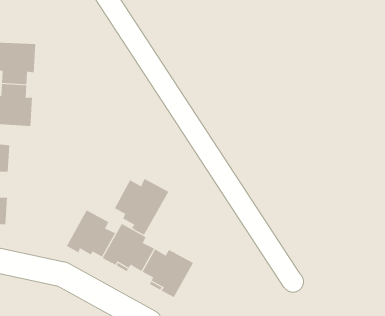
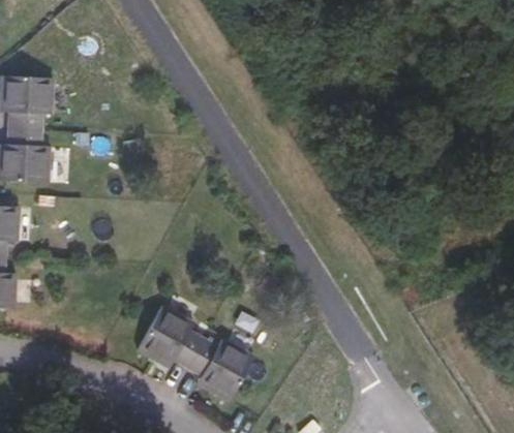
building: [114,178,169,235] -> none
building: [66,209,116,258] -> none

